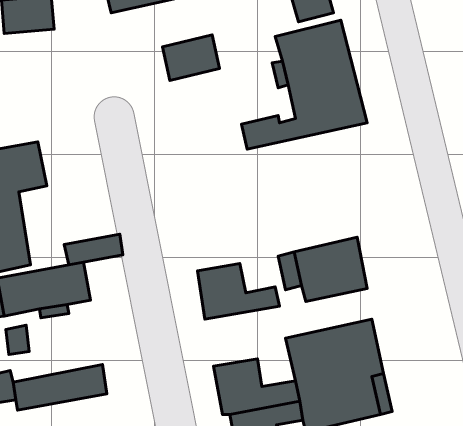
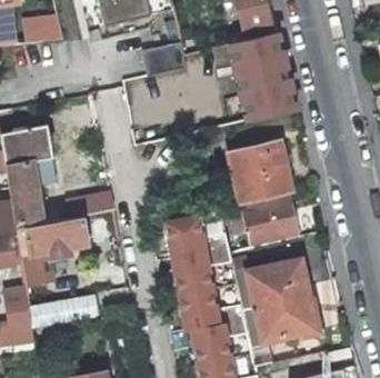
building: none -> [229,141,292,203]
building: none -> [173,249,233,295]

